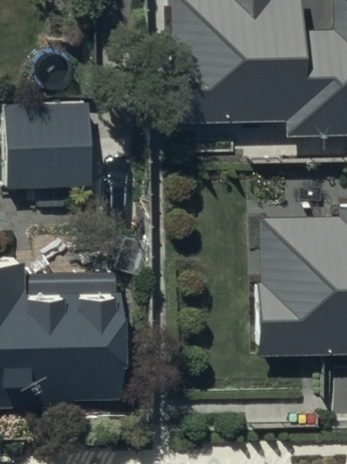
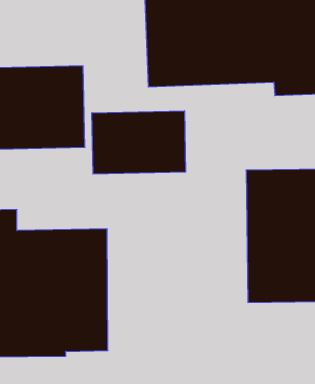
building: none -> [92,111,186,174]

